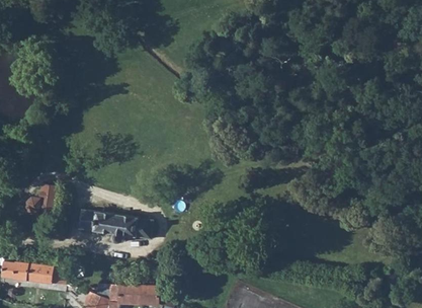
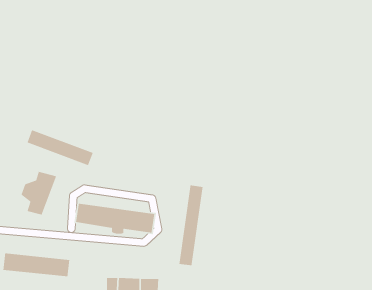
building: none -> [27,129,94,166]
building: none -> [178,184,204,266]

